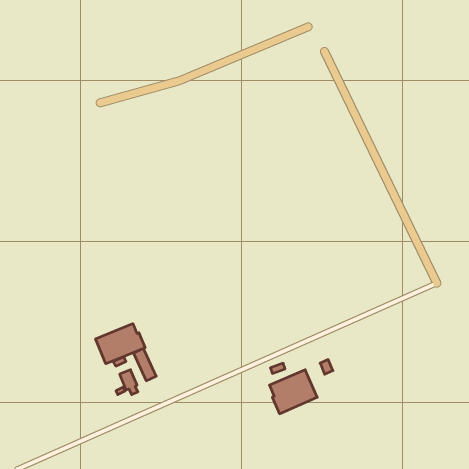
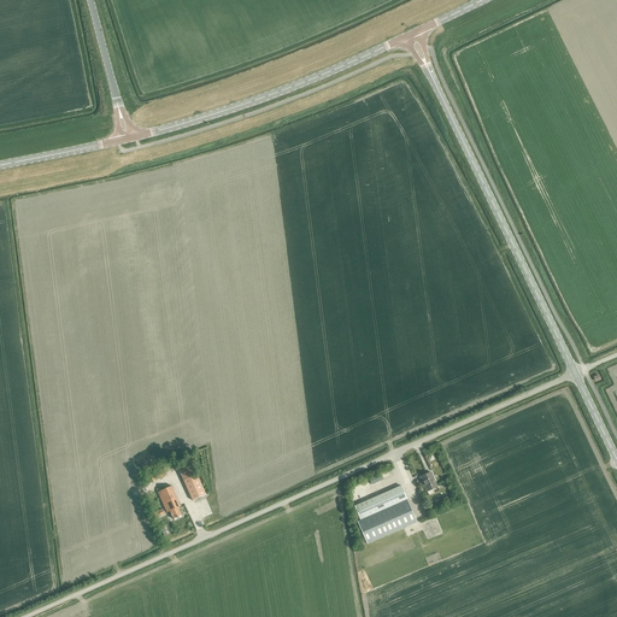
building: [96,324,145,364] -> none

